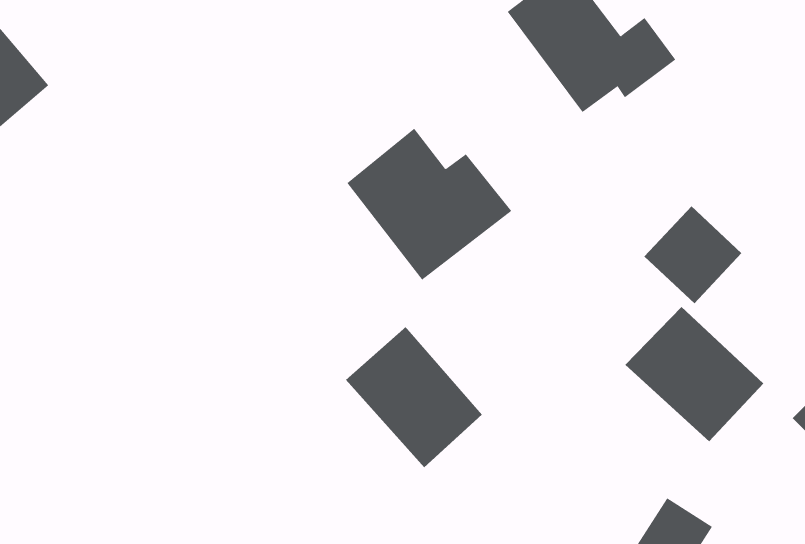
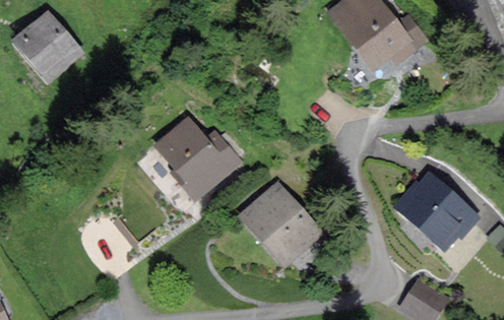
building: [347,128,512,281] -> [149,116,241,200]
building: [644,206,742,304] -> none

